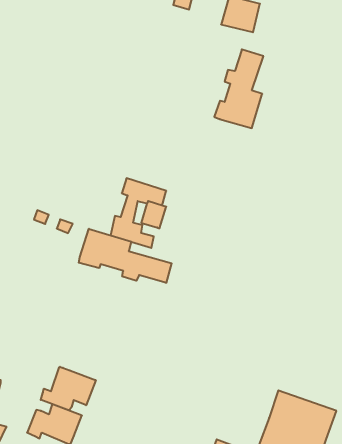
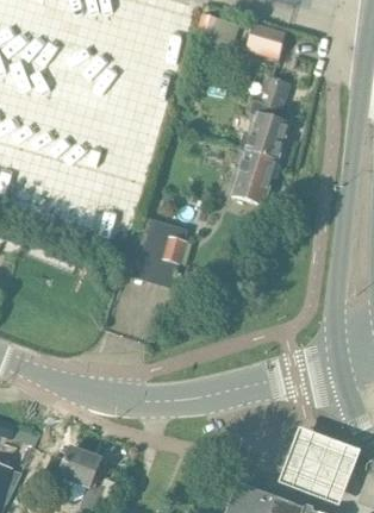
building: none -> [230,146,278,205]
building: [79,229,172,283] -> none
building: [41,367,96,411] -> none

